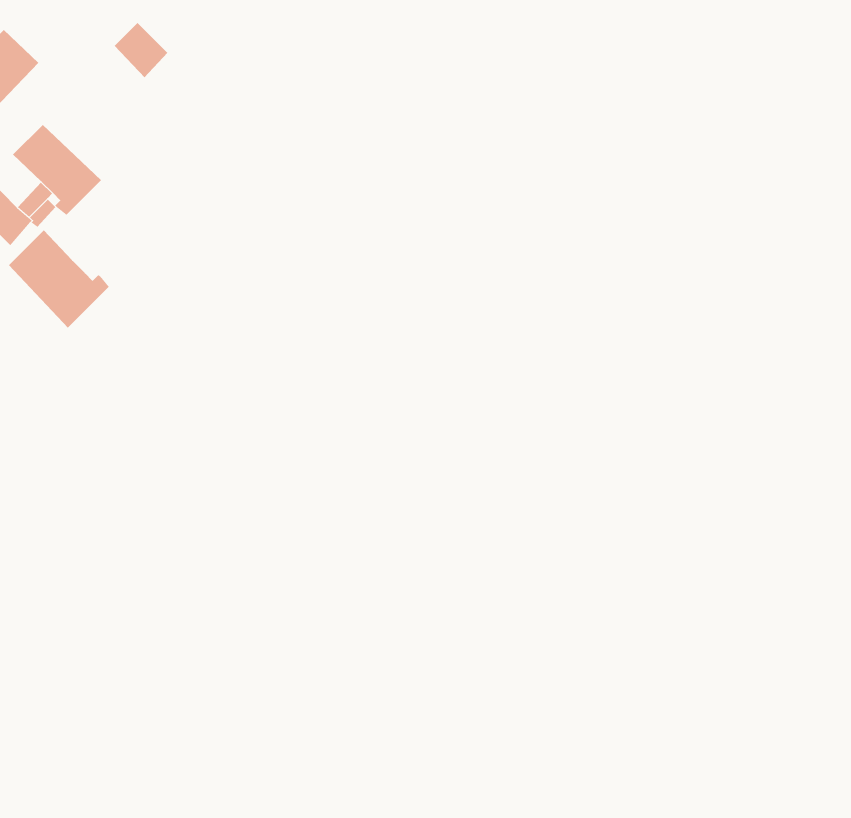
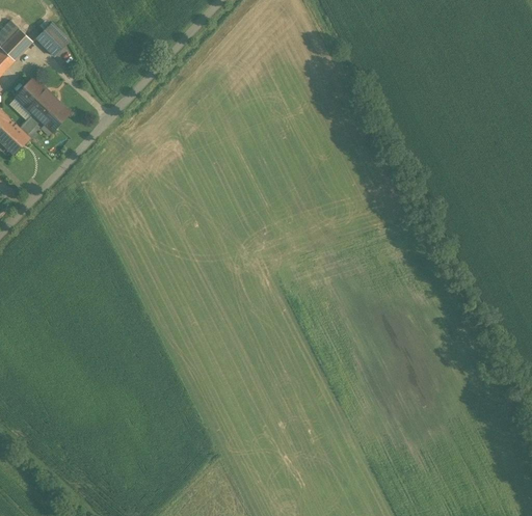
building: [114,22,168,78] -> [35,23,69,57]
building: [8,229,109,329] -> none

